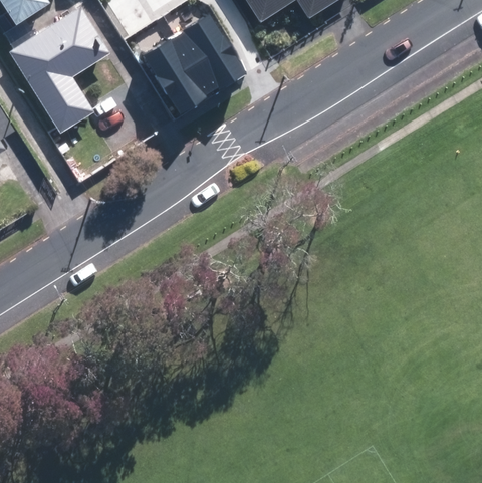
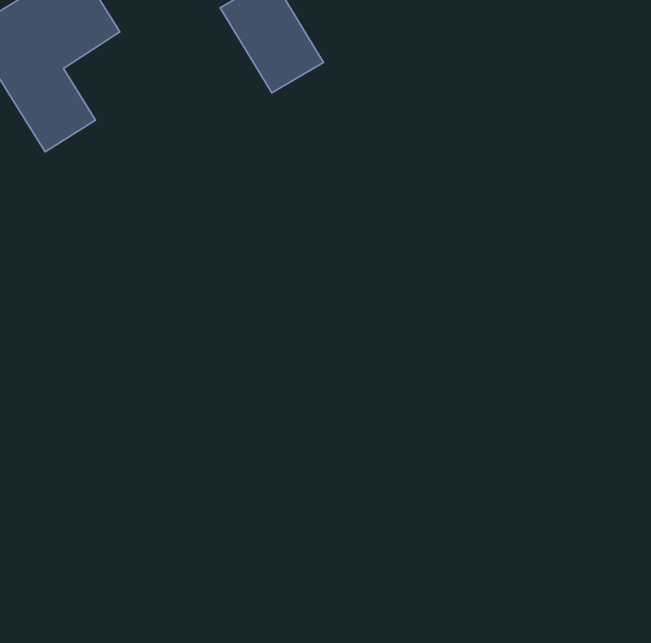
building: [143,37,209,113] -> none

